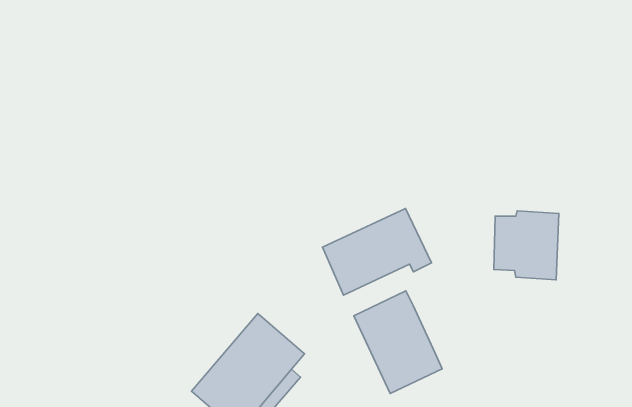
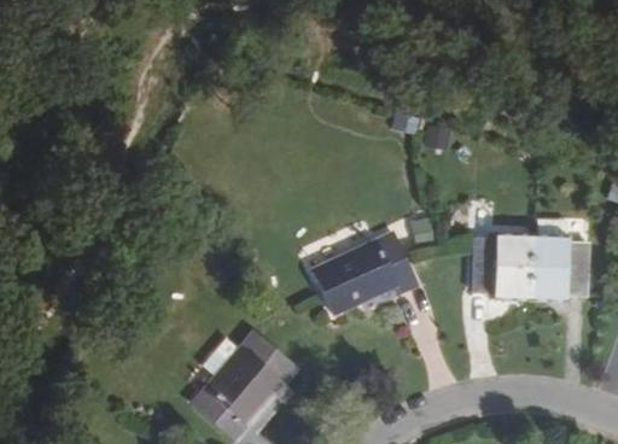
building: none -> [531,236,587,299]
building: [354,291,442,393] -> none

